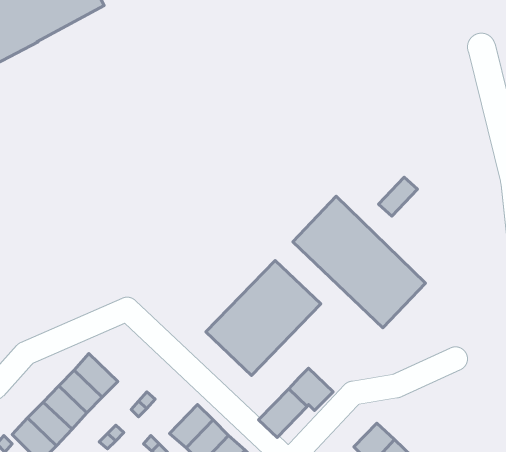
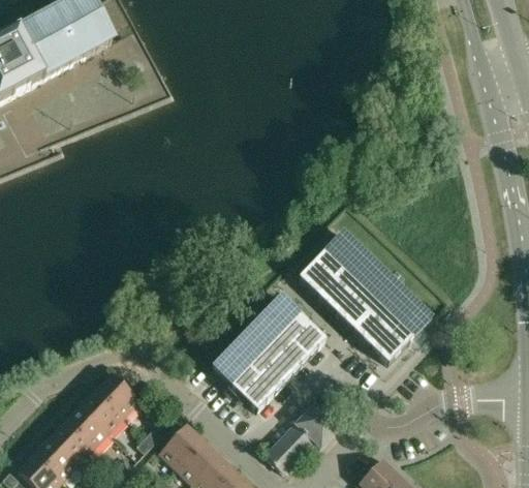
building: [378,177,417,216] -> none
building: none -> [95,372,139,417]
building: none -> [159,424,204,468]

